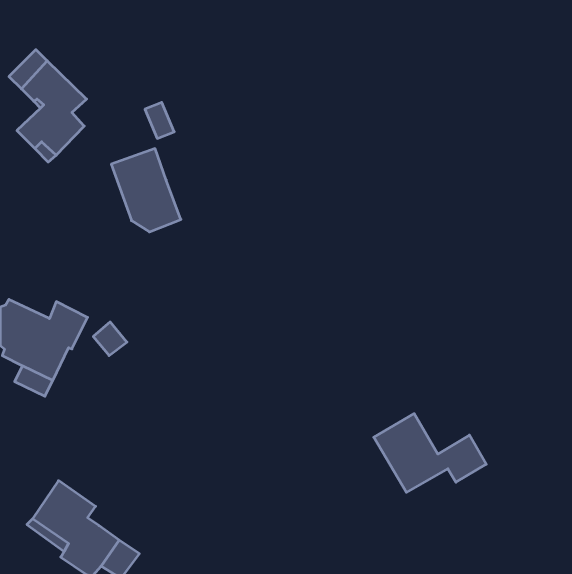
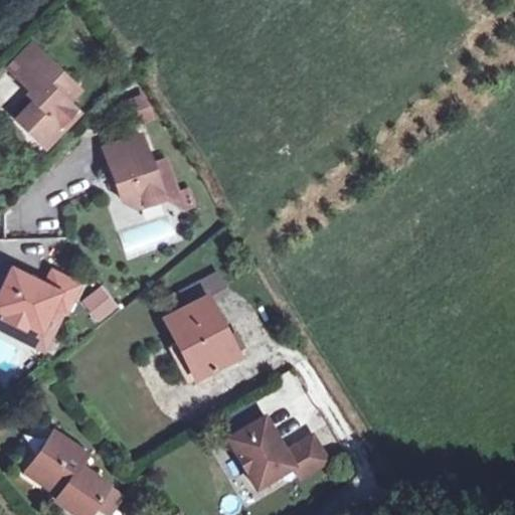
building: none -> [151,157,192,208]
building: none -> [167,274,236,380]
building: [374,414,486,492] -> [227,415,328,486]

